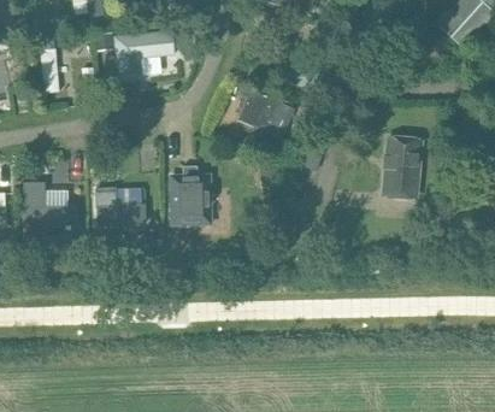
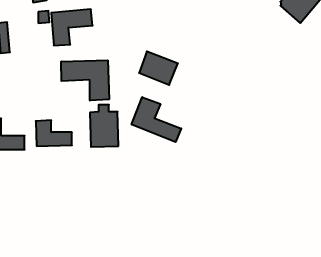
building: none -> [61,60,109,101]
building: [381,134,423,198] -> none
building: none -> [132,97,181,142]

